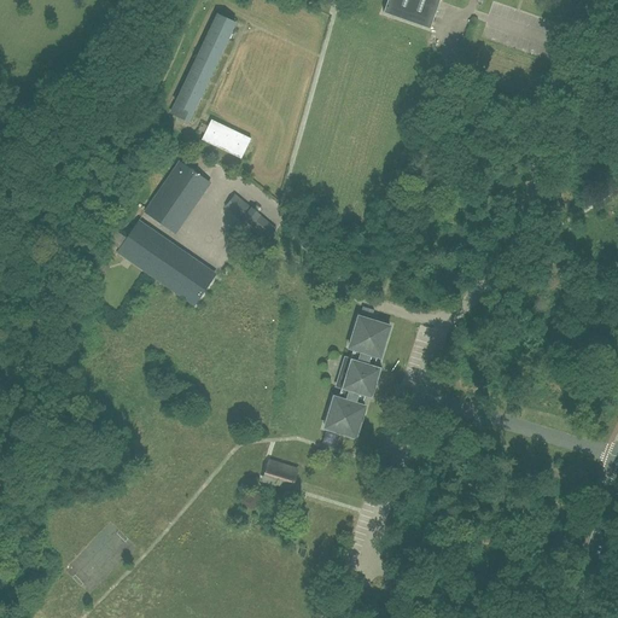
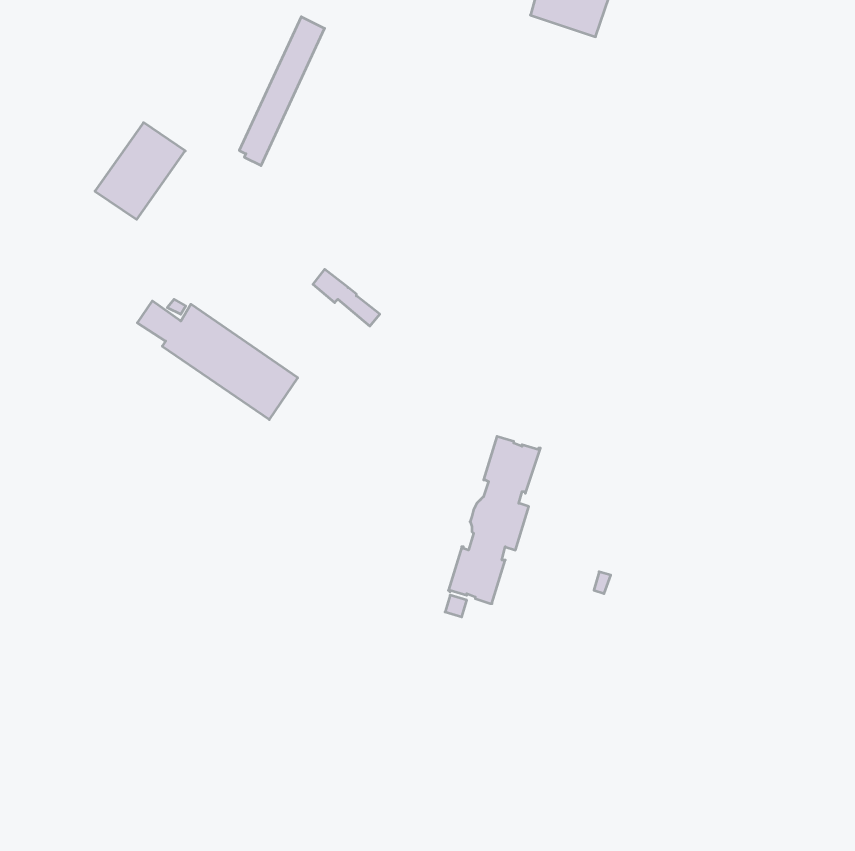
building: [198,116,251,154] -> none
building: [145,161,210,231] -> [95,123,185,219]
building: [263,460,297,486] -> none

